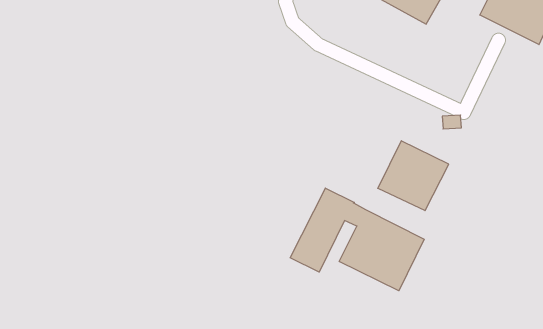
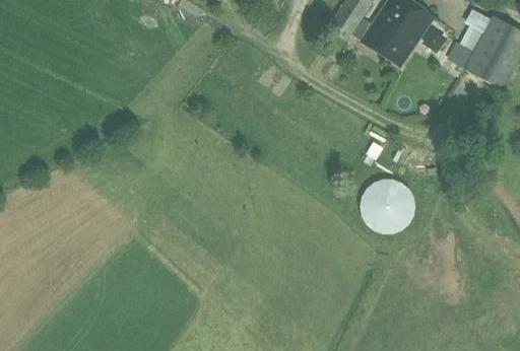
building: [290,188,424,291] -> none

